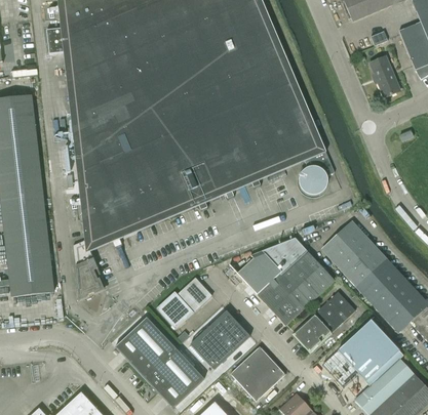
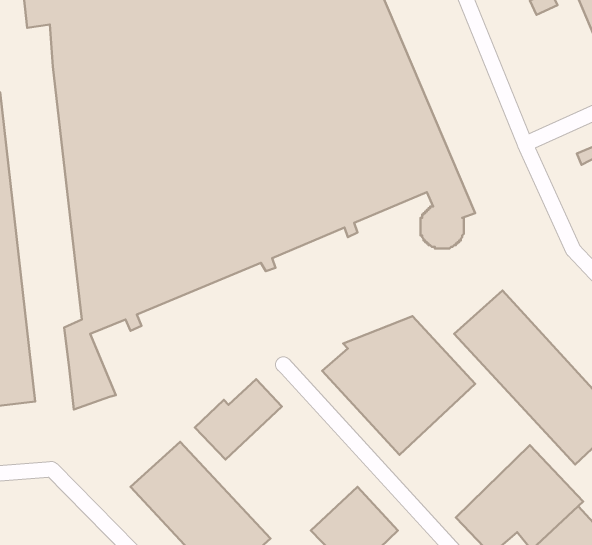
building: [368,55,399,96] -> none
building: [293,290,355,351] -> none
building: [191,309,249,368] -> none

